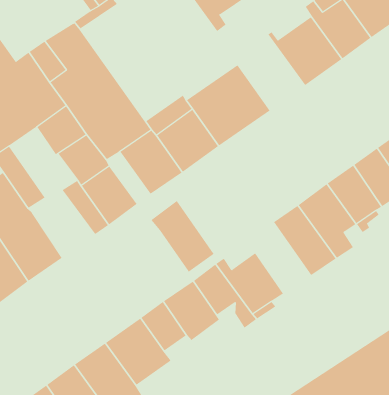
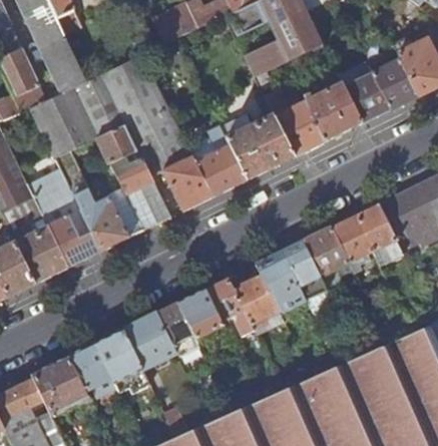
building: none -> [262,90,325,157]
building: none -> [79,196,128,253]
building: [150,200,215,272] -> [255,252,304,314]

